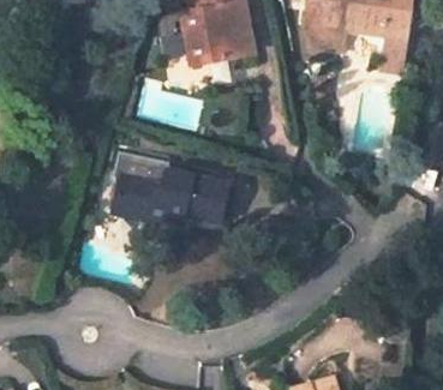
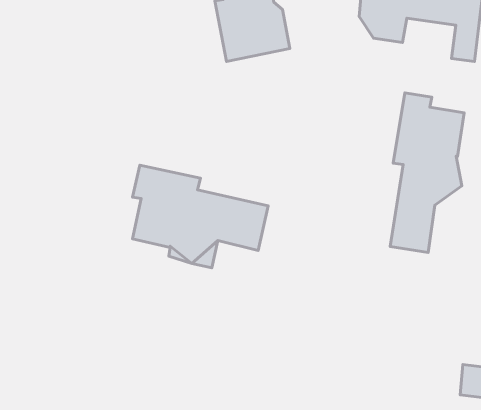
building: none -> [390,93,464,253]

